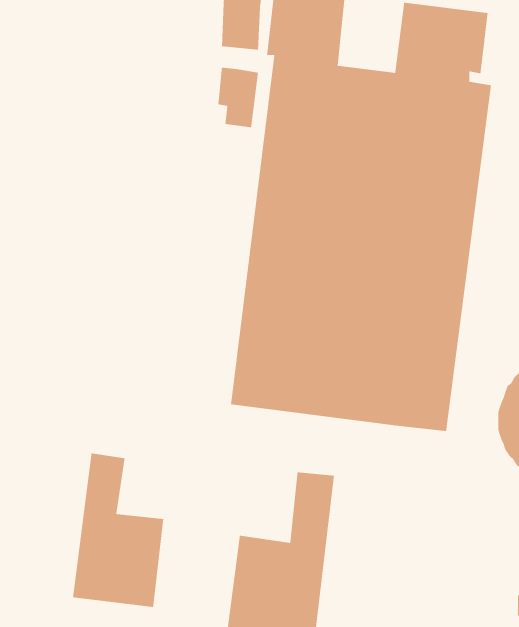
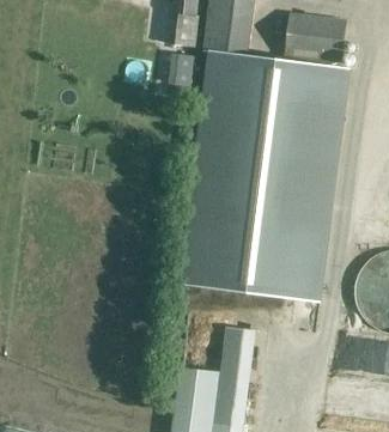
building: [72,453,164,608] -> none

